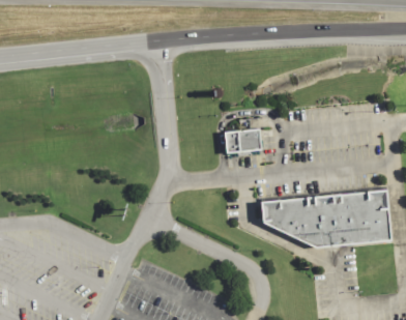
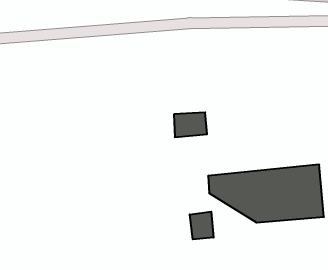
building: none -> [190,212,214,239]

